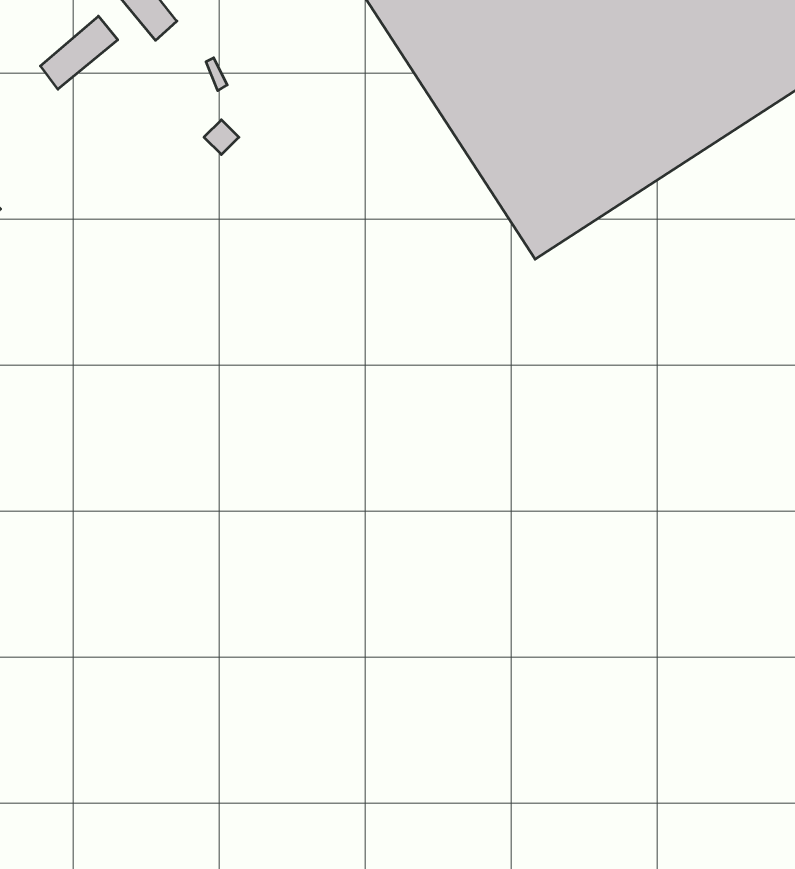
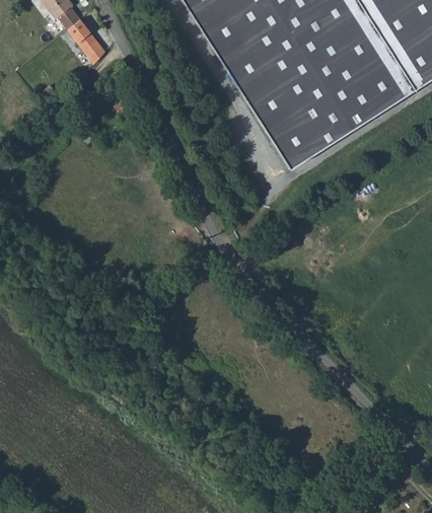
building: [40,16,118,89] -> none

